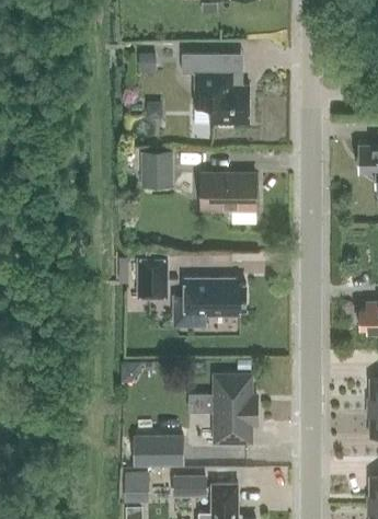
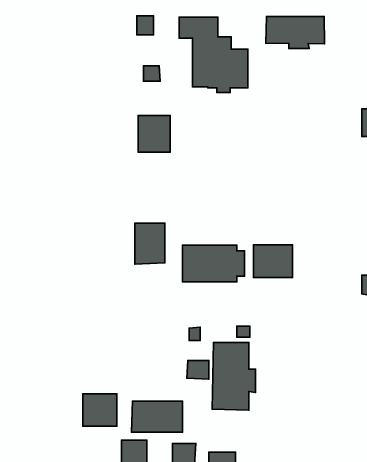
building: none -> [266,16,324,49]
building: [201,176,255,211] -> none
building: none -> [253,245,293,278]
building: none -> [83,394,117,426]

